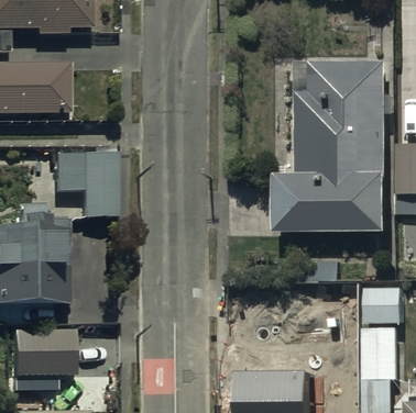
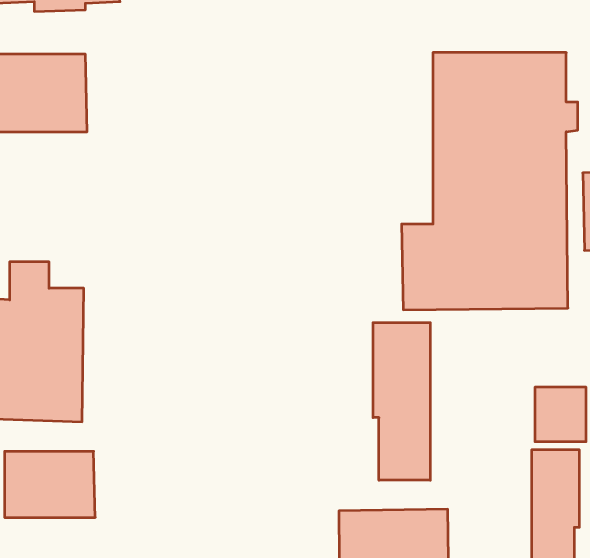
building: [51,154,112,217] -> none
building: none -> [373,323,430,480]

